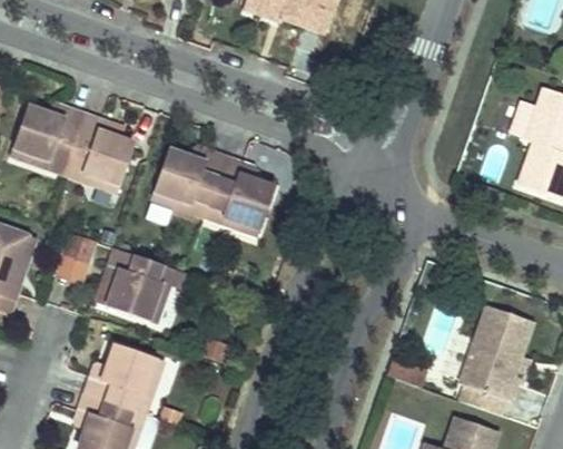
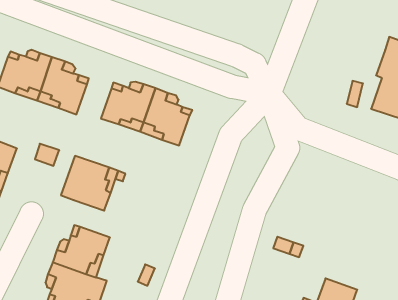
building: [460,308,534,413] -> none

